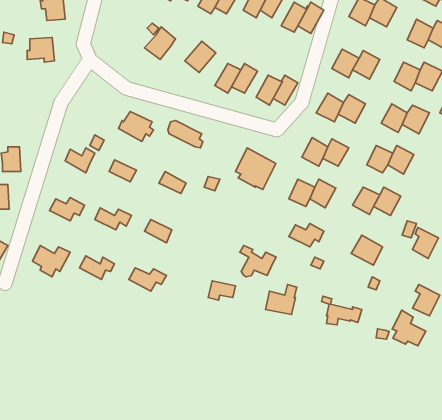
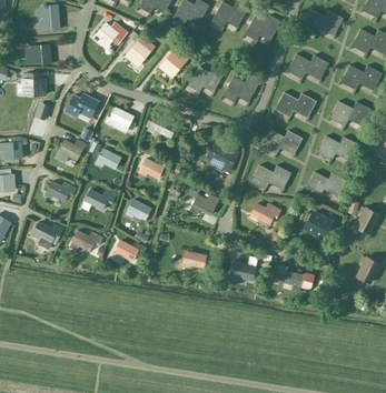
building: none -> [96,21,128,46]
building: none -> [17,73,44,94]
building: none -> [66,93,98,118]
building: [240,246,276,277] -> [187,189,218,215]
building: [392,310,426,346] -> none

